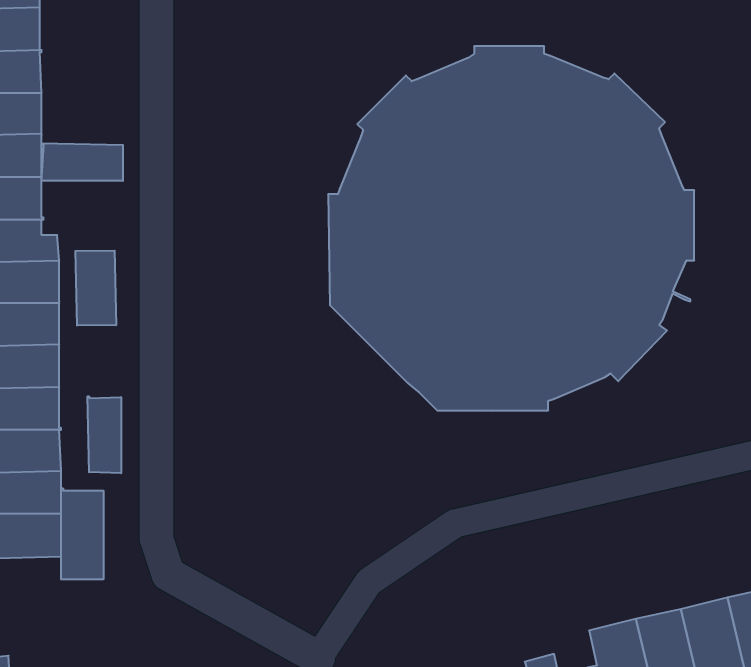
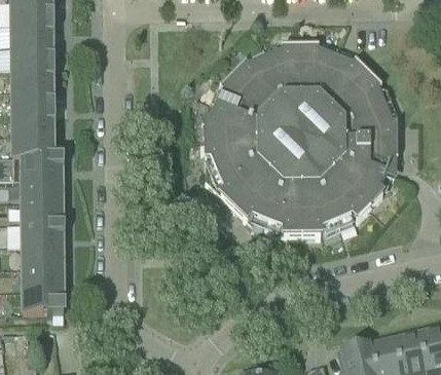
building: [42,143,123,181] -> none
building: [75,251,116,326] -> none
building: [88,396,121,473] -> none
building: [61,488,103,579] -> none

